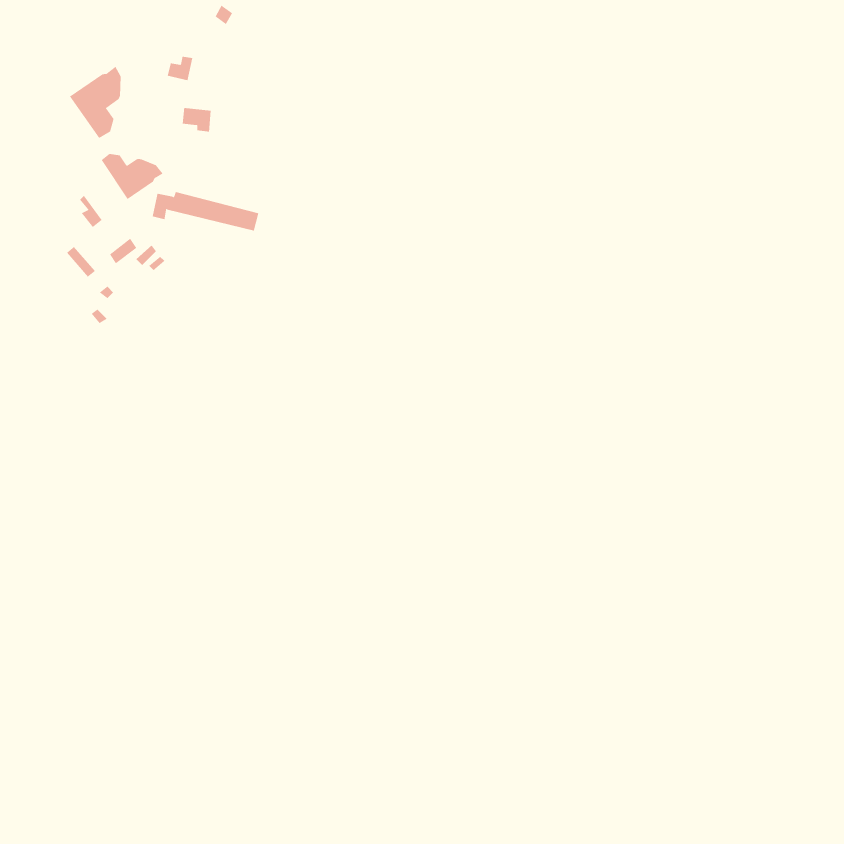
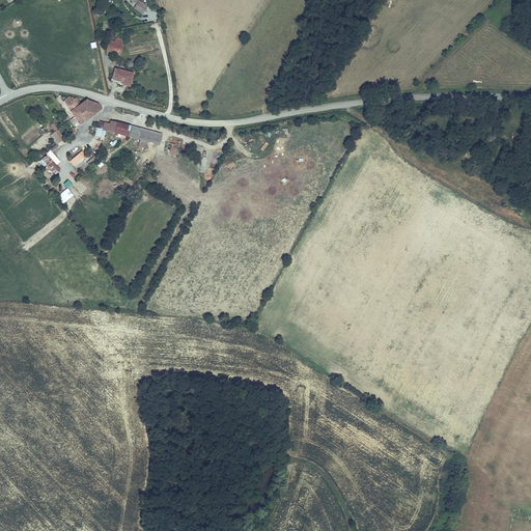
building: [69,66,121,139] -> none

